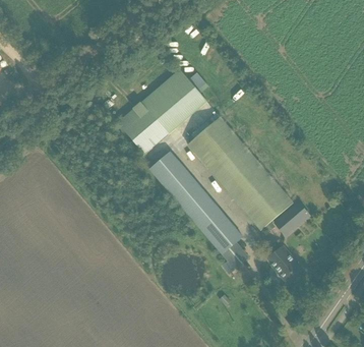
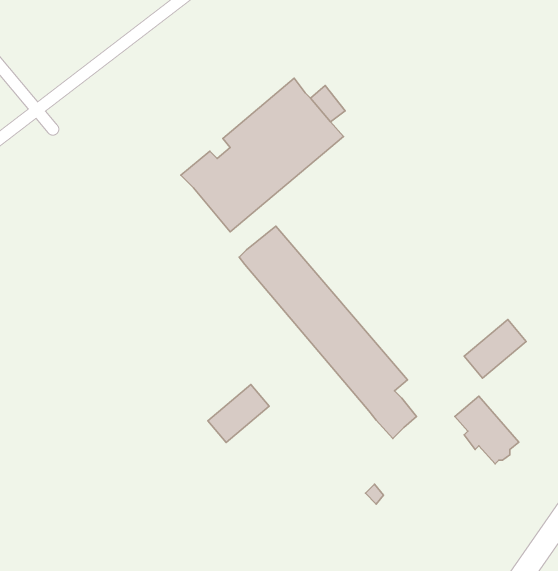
building: [188,117,293,231] -> none
building: none -> [208,385,269,443]

